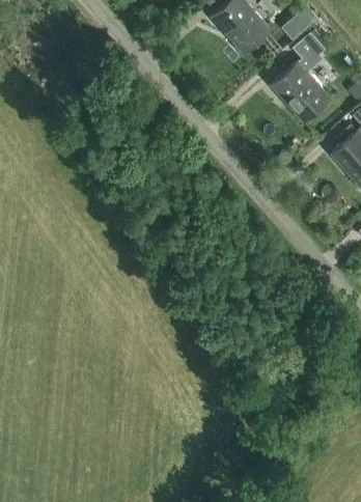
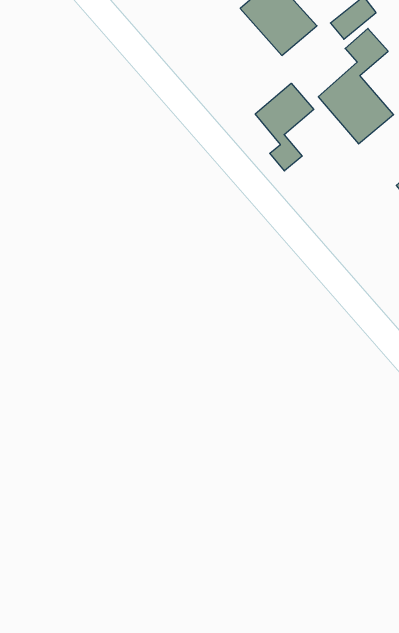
building: none -> [255,83,314,171]

